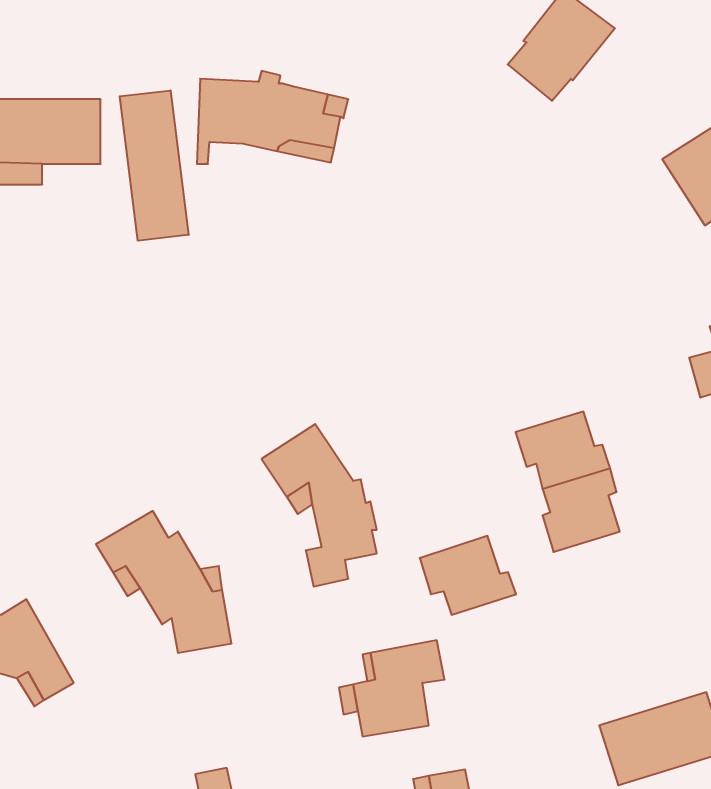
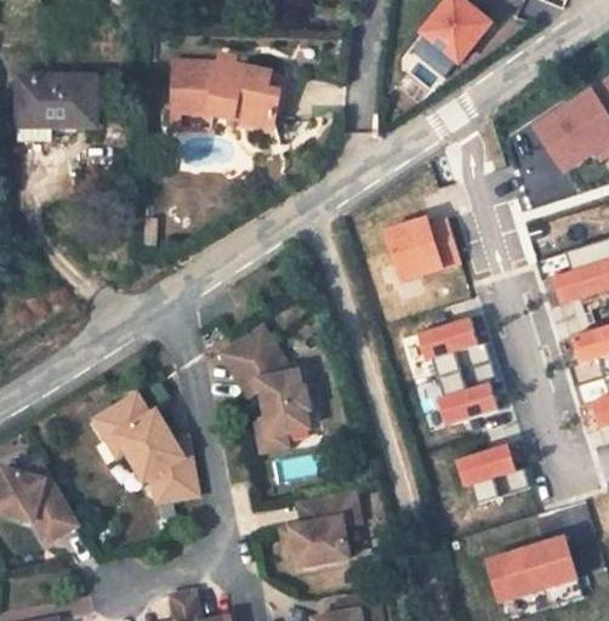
building: [120,90,189,241] -> none
building: none -> [383,217,459,280]
building: [420,536,516,615] -> [454,441,528,502]

